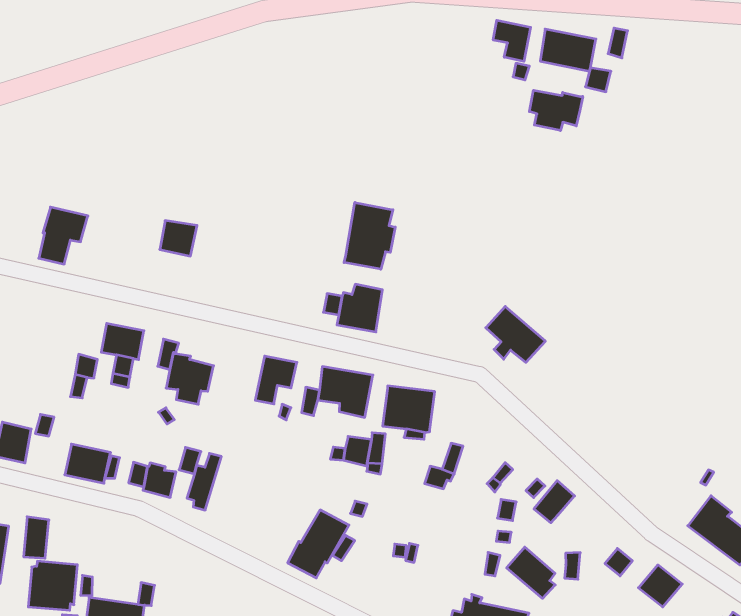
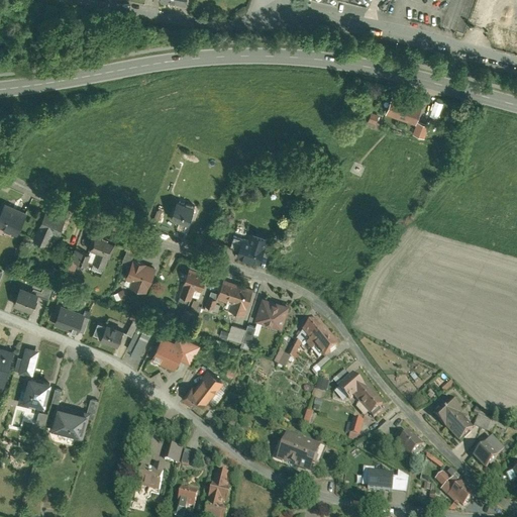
building: [493,20,531,61] -> none
building: [529,90,583,131] -> none
building: [344,202,395,269] -> none
building: [39,207,88,264] -> [32,211,67,247]
building: [160,221,197,256] -> [170,202,195,226]
building: [486,306,545,362] -> [301,320,336,356]
building: none -> [150,333,199,370]
building: [507,547,555,598] -> [352,384,382,417]

